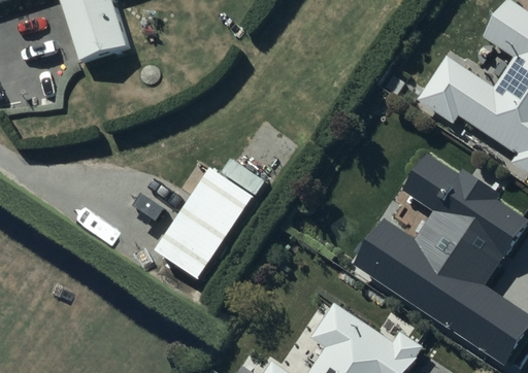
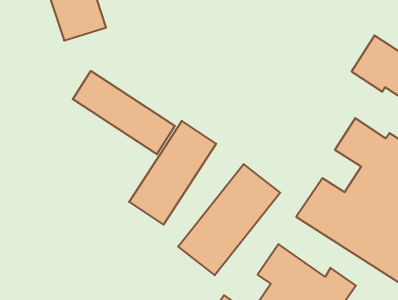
building: none -> [73,71,175,154]
building: none -> [178,164,280,275]

